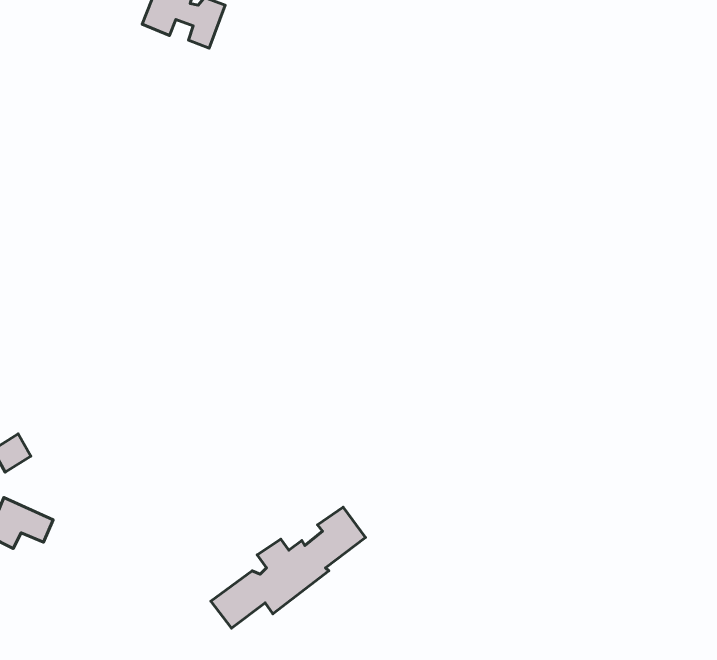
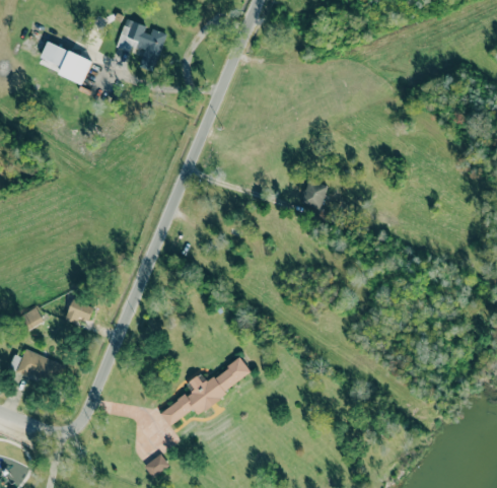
building: none -> [40,41,92,83]
building: none -> [300,180,329,212]
building: none -> [66,299,96,321]

